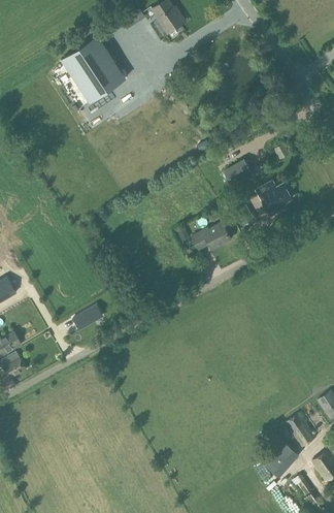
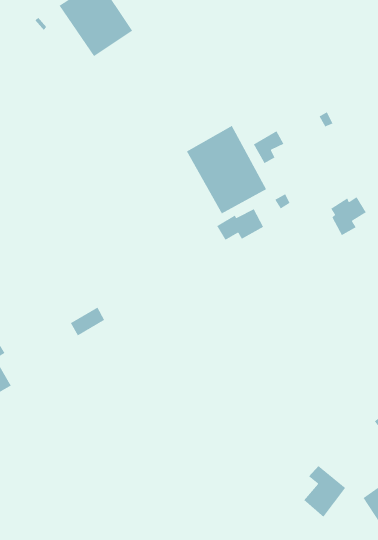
building: none -> [186,125,267,214]
building: [261,184,291,217] -> [330,196,367,236]
building: [283,414,315,449] -> none

